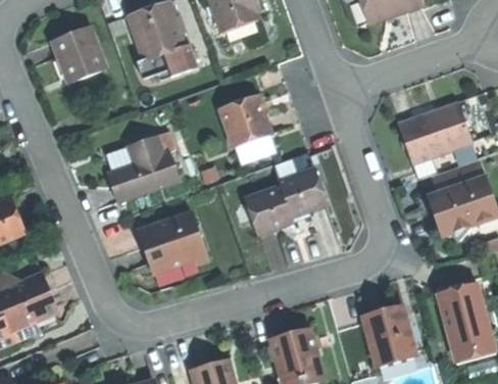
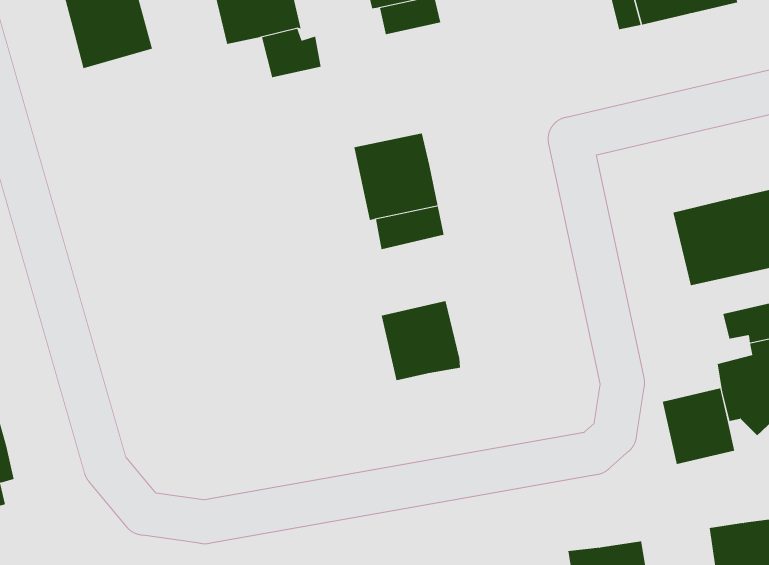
building: [106,134,179,201] -> none
building: [279,167,326,215] -> none
building: [138,210,205,266] -> none
building: none -> [662,388,735,465]

